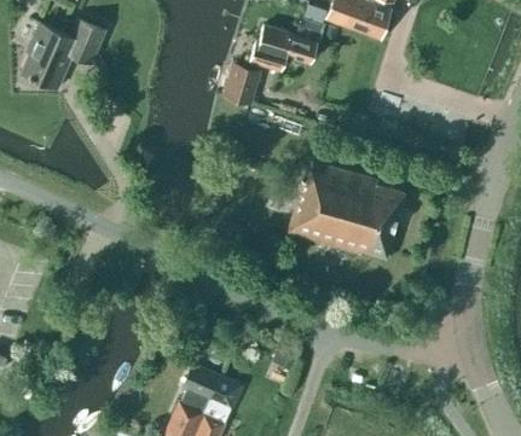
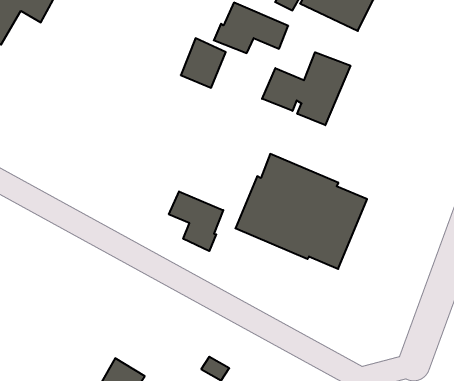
building: none -> [262,52,350,125]
building: none -> [169,191,223,251]

